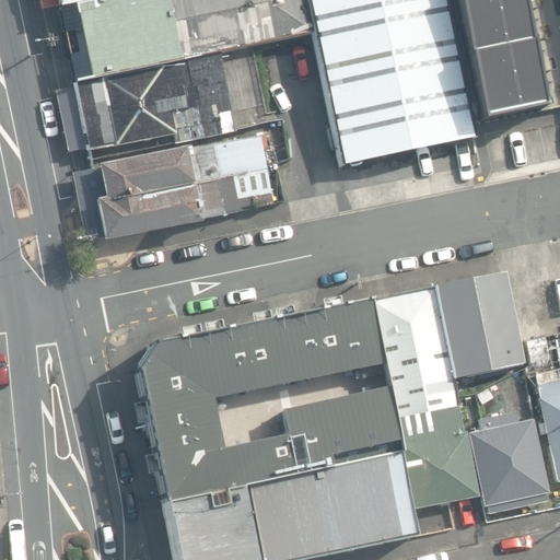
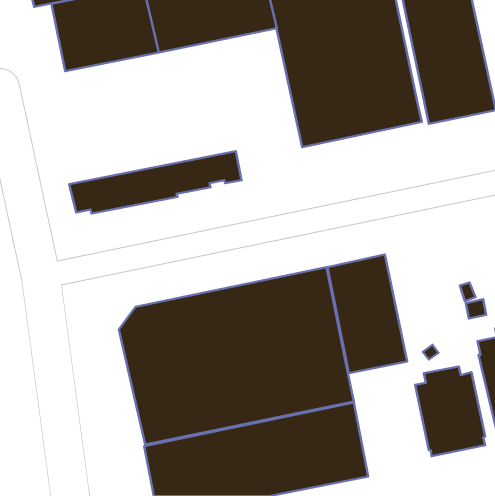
building: [56,49,257,164] -> none
building: [74,135,268,207] -> none
building: [436,271,525,377] -> none
building: [397,407,479,508] -> none

